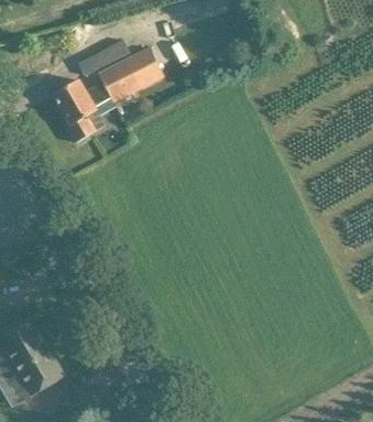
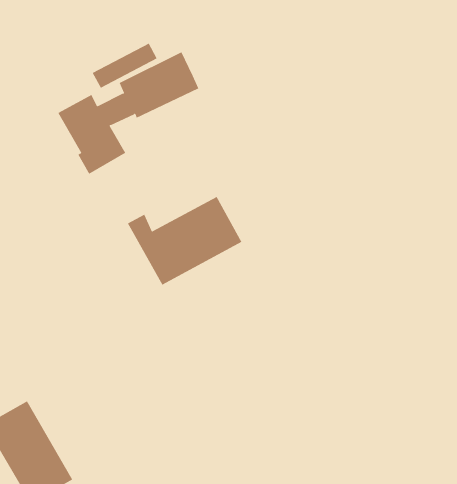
building: none -> [127,196,242,286]

